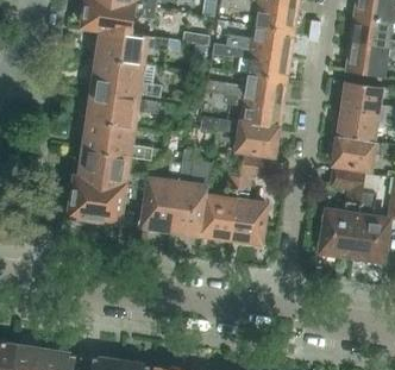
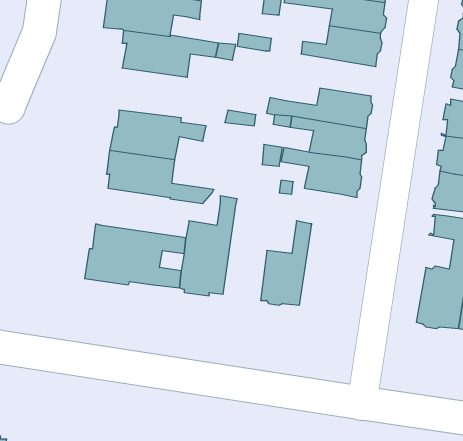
building: [212,43,289,79] -> none
building: [92,57,161,96] -> none
building: [171,146,211,237] -> none
building: [79,148,145,187] -> none
building: [230,155,272,244] -> none

